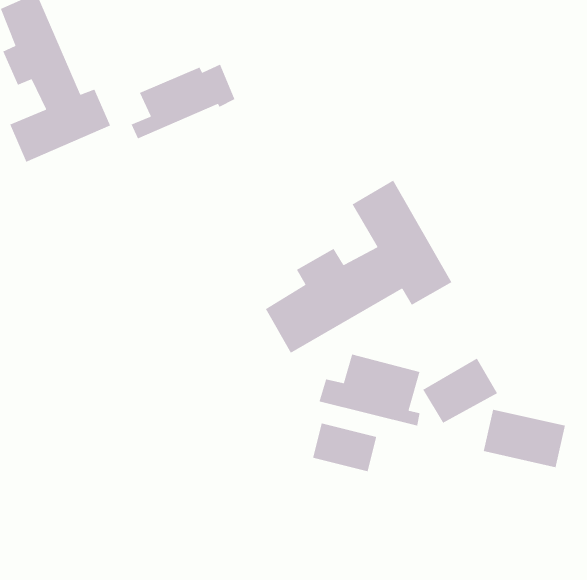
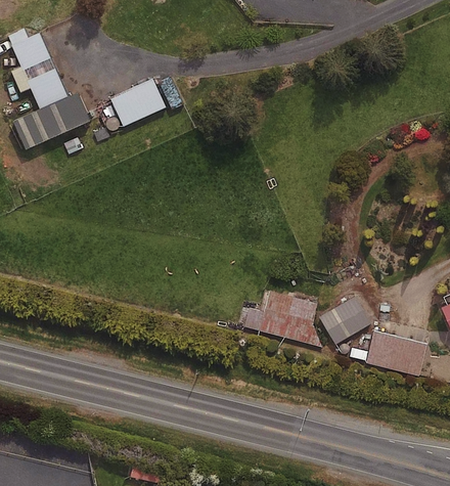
building: [265,180,453,354] -> none
building: [312,422,377,472] -> none

